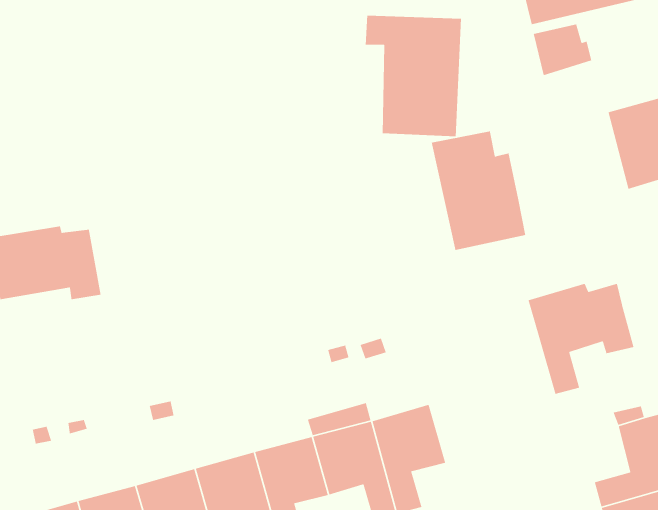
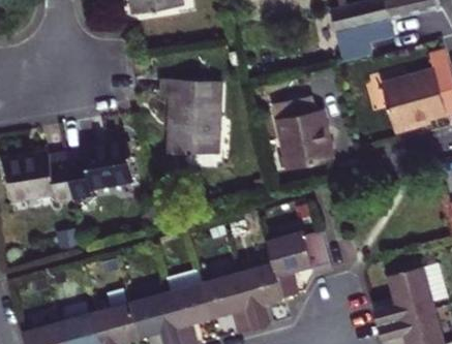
building: [365,15,462,137] -> [159,81,218,155]
building: none -> [65,143,131,197]
building: [528,283,635,395] -> [266,231,331,300]

